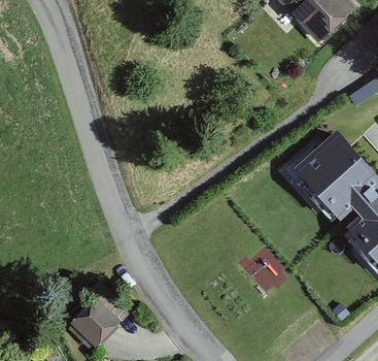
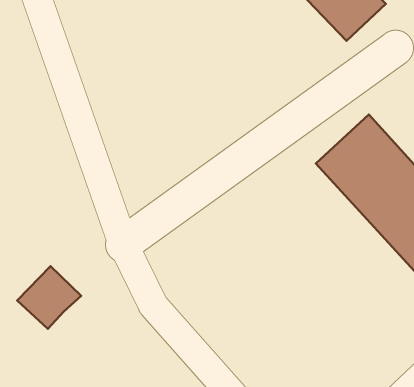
building: [62,301,115,354] -> [17,266,81,329]

